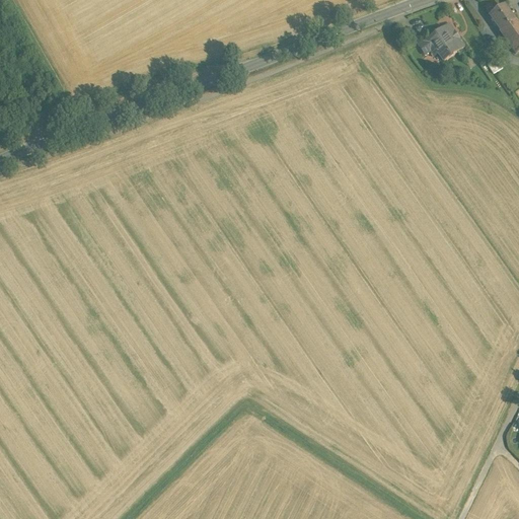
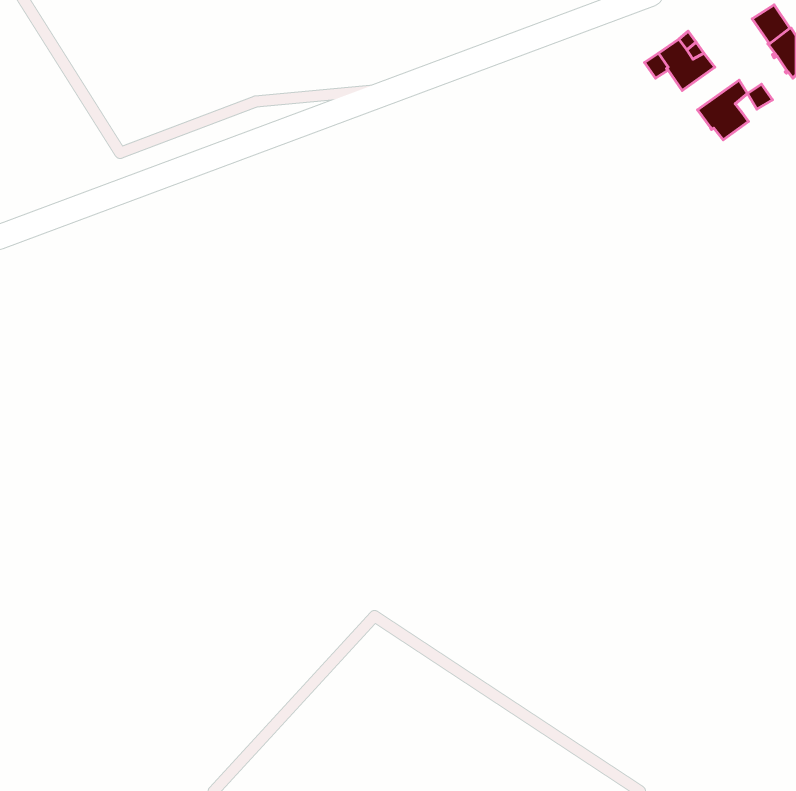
building: none -> [697,80,748,140]

